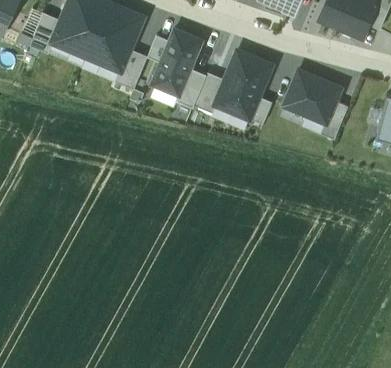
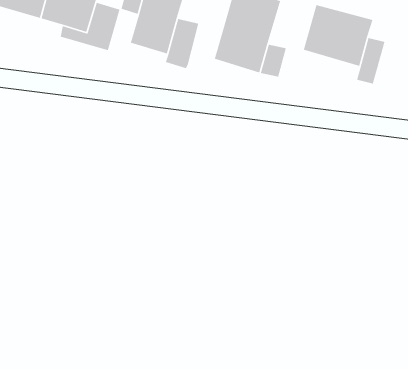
building: [194,73,224,113] -> none

